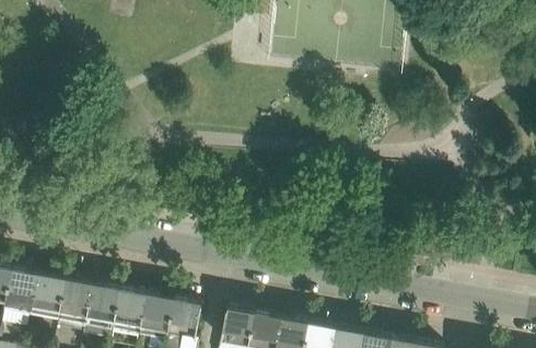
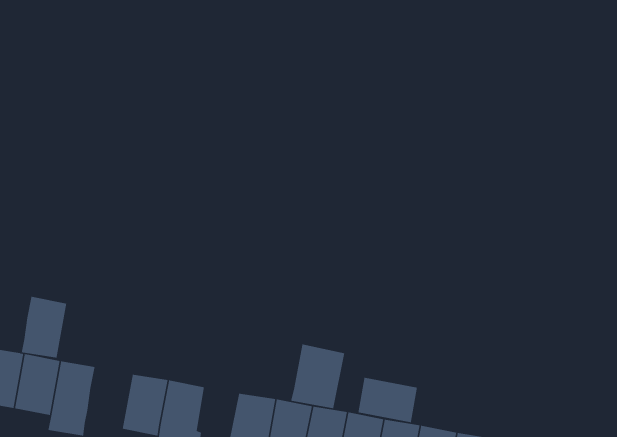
building: none -> [290,343,345,409]
building: [112,286,147,333] -> [21,296,67,359]
building: none -> [357,377,418,423]

